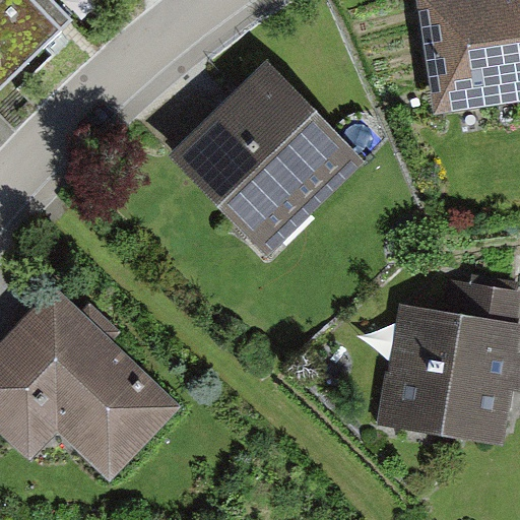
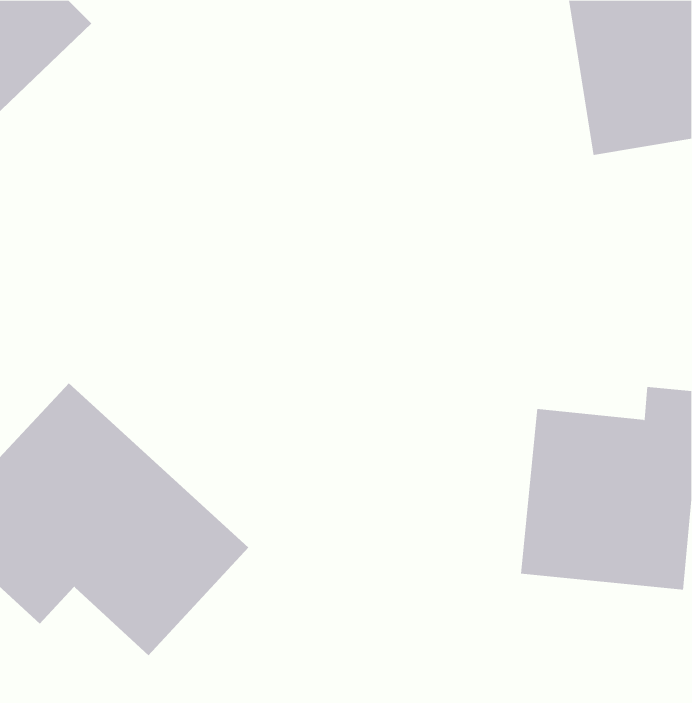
building: [176,64,360,248] -> none

